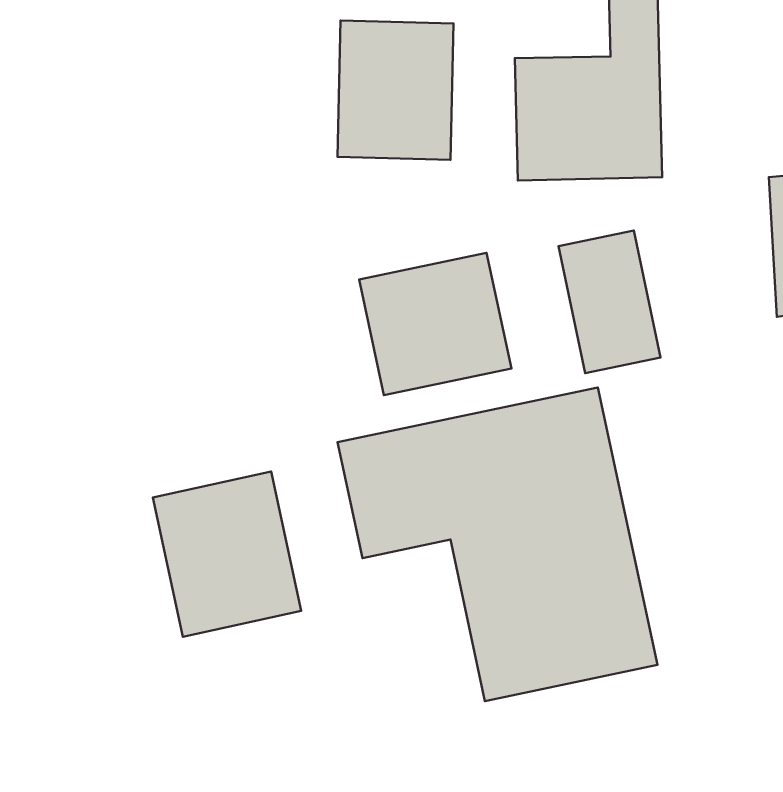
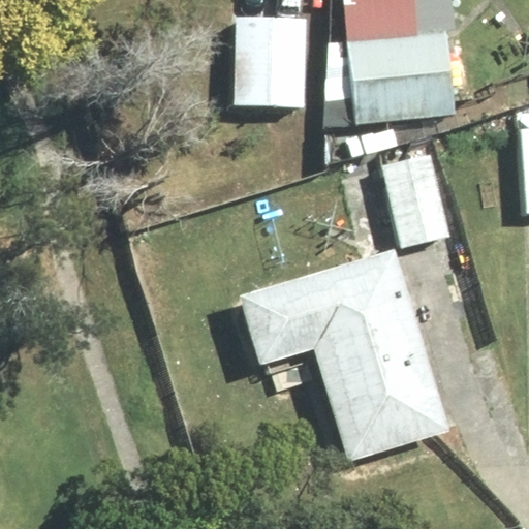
building: [359,253,511,395] -> none
building: [153,471,301,637] -> none

